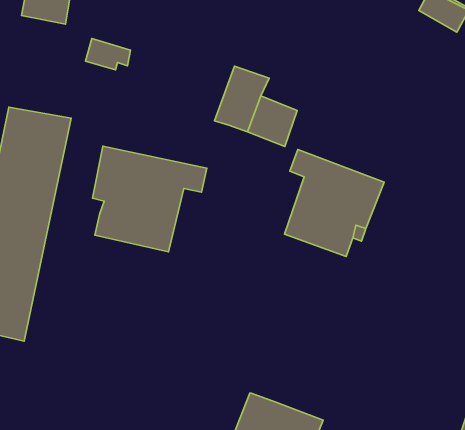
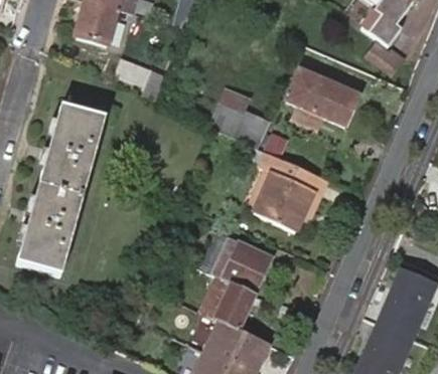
building: none -> [290,67,362,125]
building: [93,146,207,252] -> none
building: none -> [192,239,270,331]

